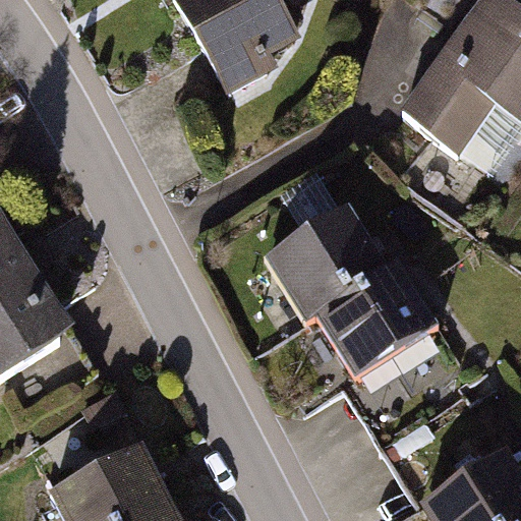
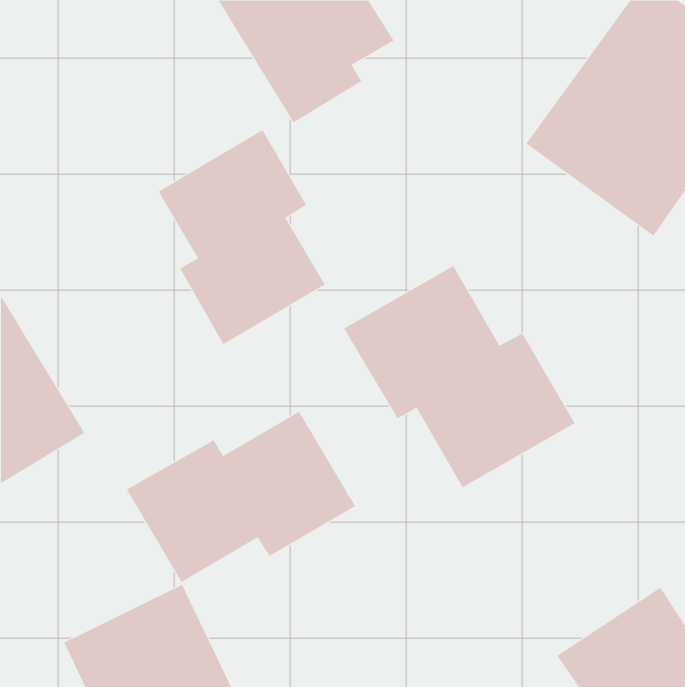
building: none -> [158,129,325,345]
building: none -> [126,411,356,583]

